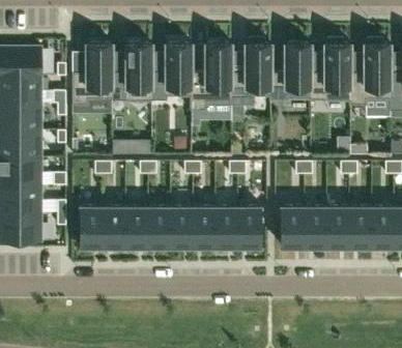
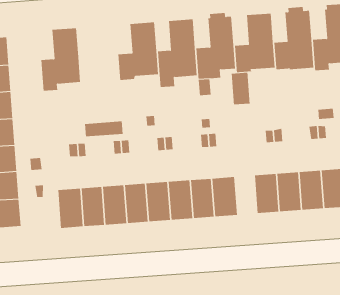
building: [112,42,151,102] -> none
building: none -> [231,72,250,105]

